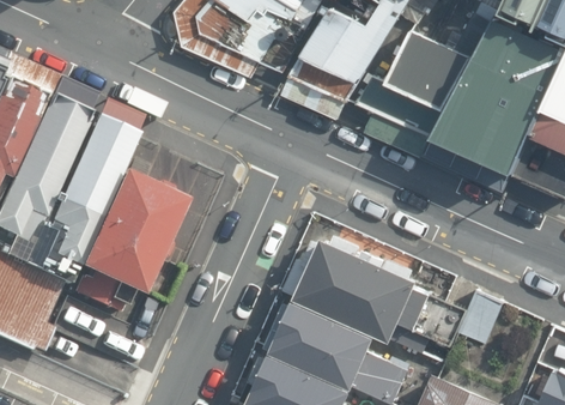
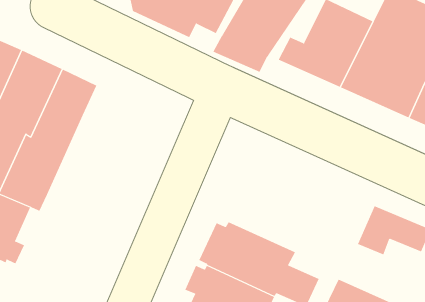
building: [74,173,189,313] -> none
building: [282,235,431,344] -> none

